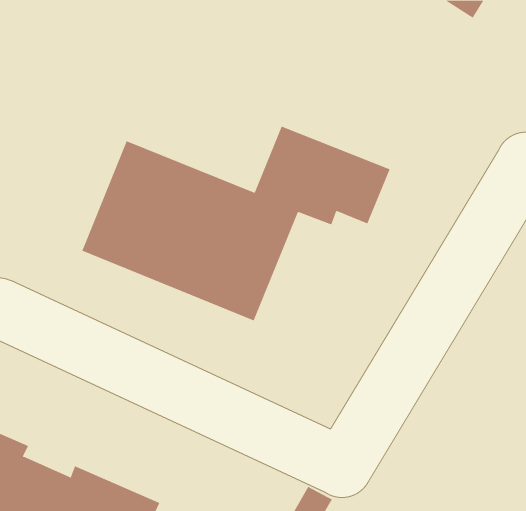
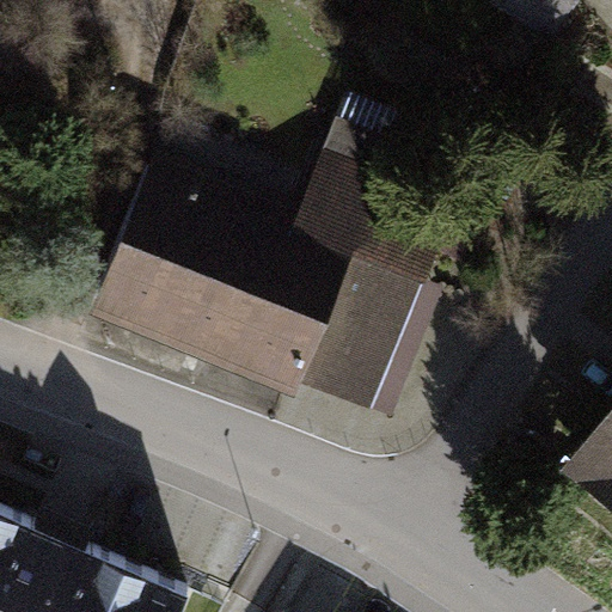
building: none -> [294,264,426,420]

